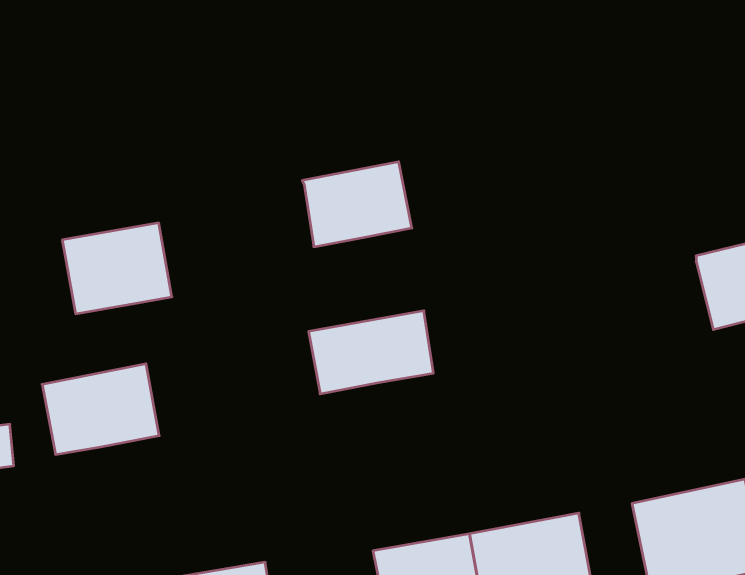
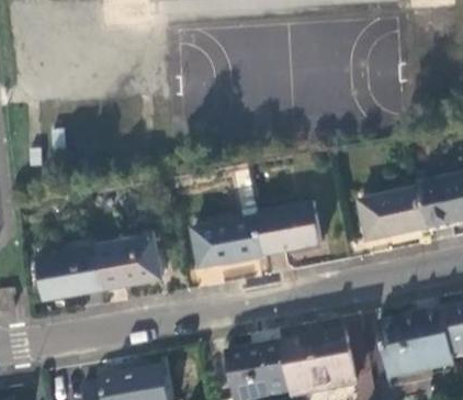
building: [302,162,412,247] -> [253,202,317,252]
building: [62,223,172,314] -> [93,235,157,288]
building: none -> [355,187,422,240]

